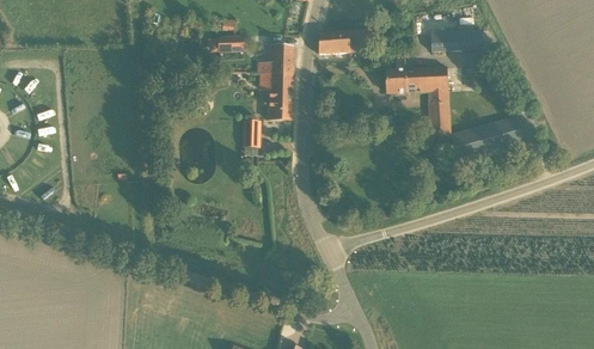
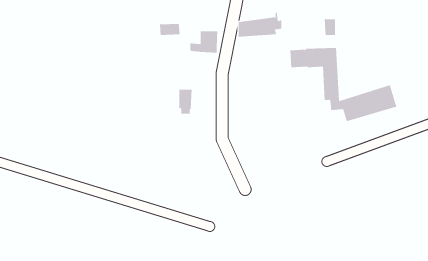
building: [268,72,293,118] -> none

